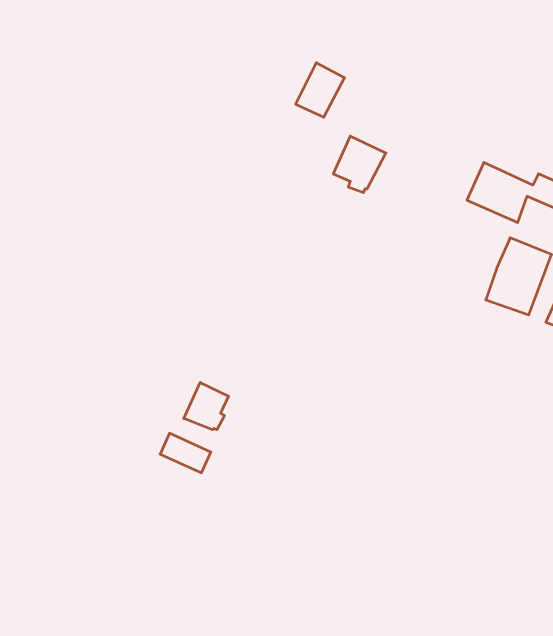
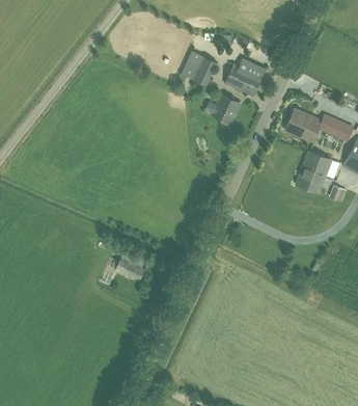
building: none -> [224,62,260,94]
building: [184,382,229,430] -> none

